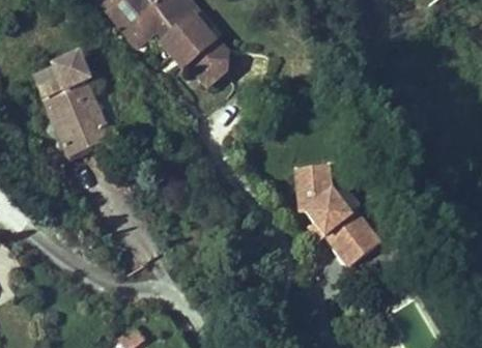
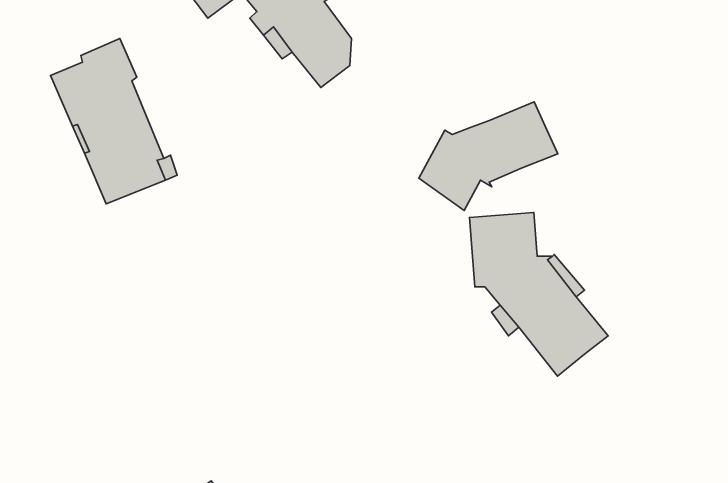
building: none -> [419,102,558,211]

